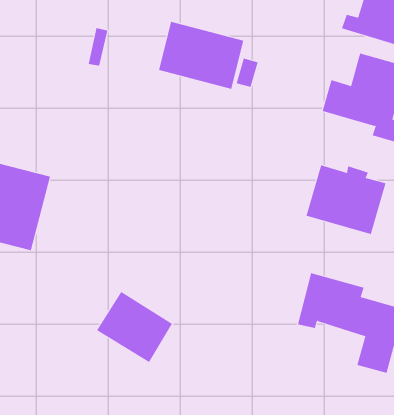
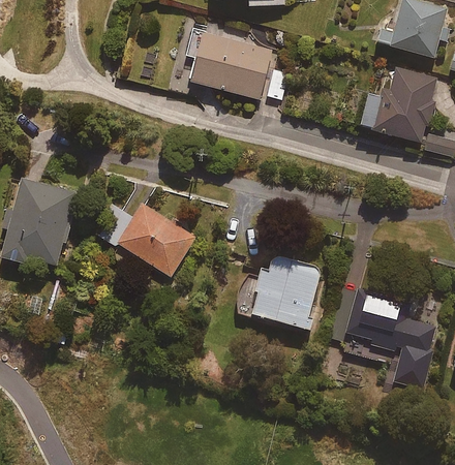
building: [306,164,386,235] -> none
building: none -> [239,256,325,330]
building: [96,291,173,363] -> [119,202,196,274]

